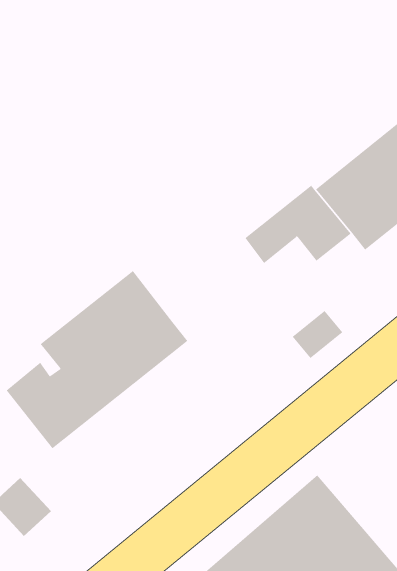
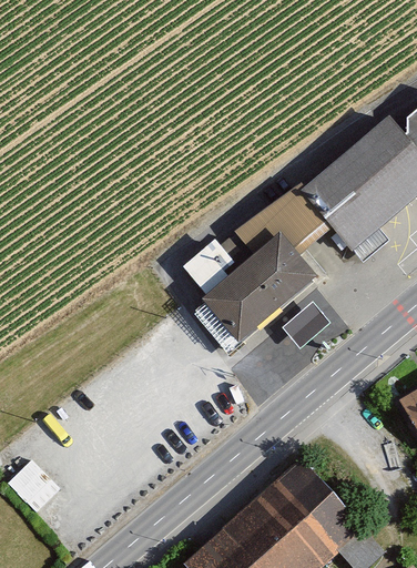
building: none -> [183,237,322,357]
building: [6,270,188,449] -> none

